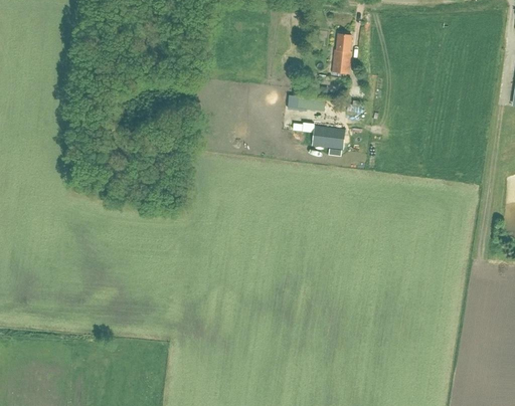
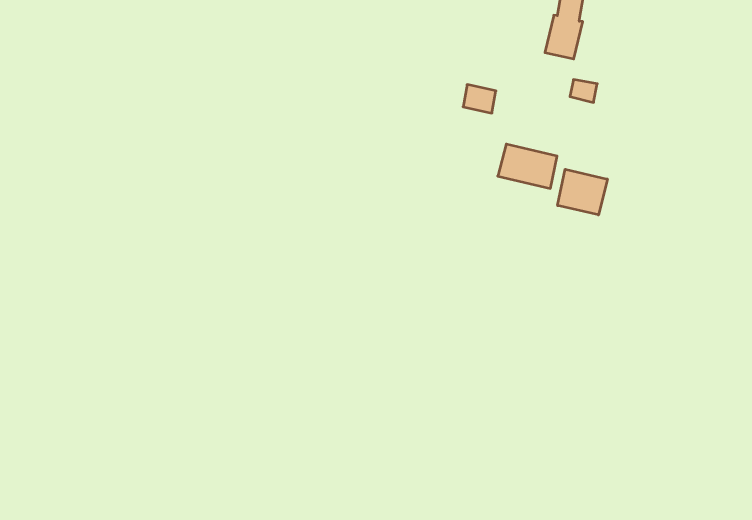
building: none -> [558,169,607,215]

